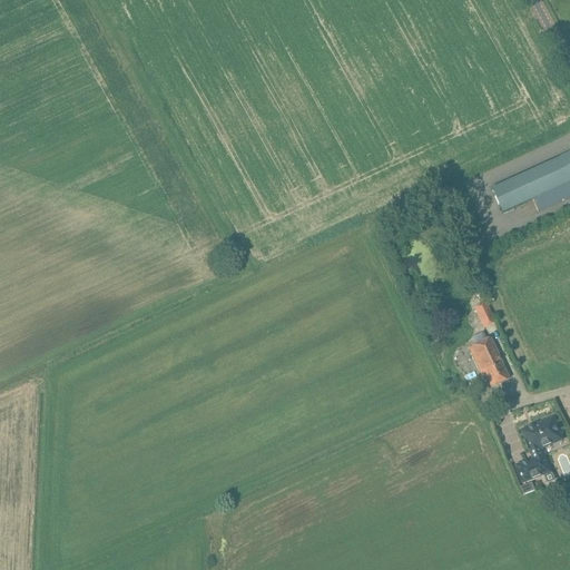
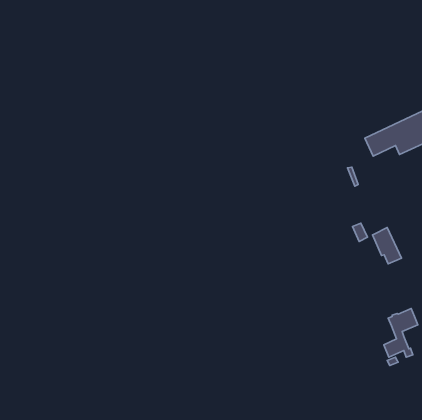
building: [471,336,510,385] -> [372,227,401,264]

